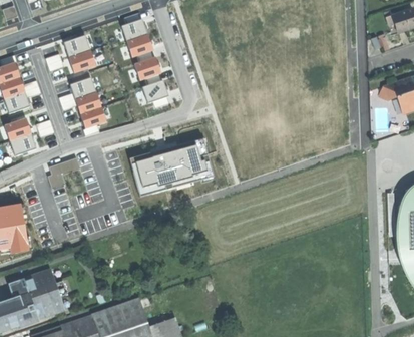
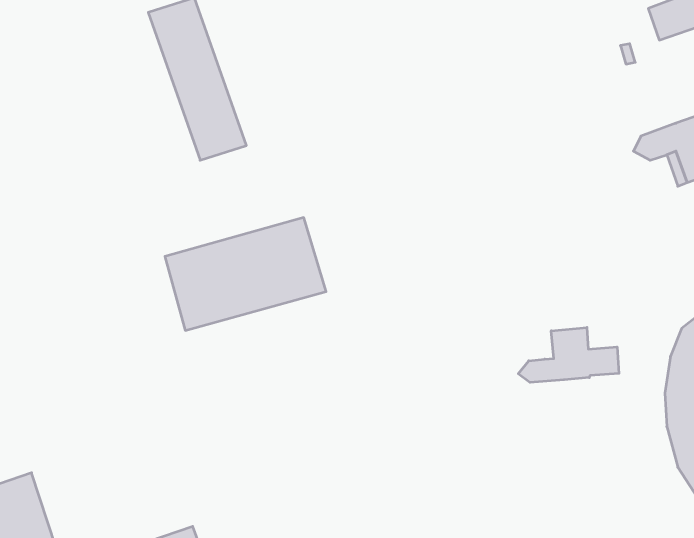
building: [60,30,95,72] -> none
building: [66,73,104,127] -> none
building: none -> [518,327,619,382]

